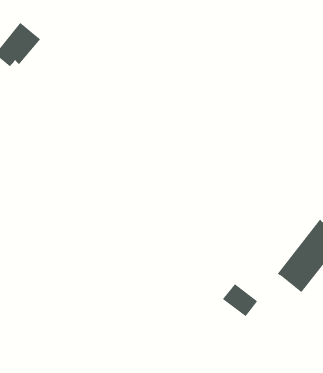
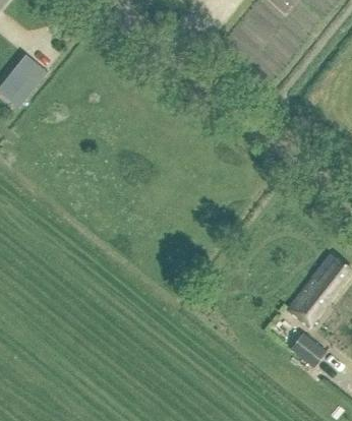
building: [222,283,258,317] -> [288,332,325,366]

